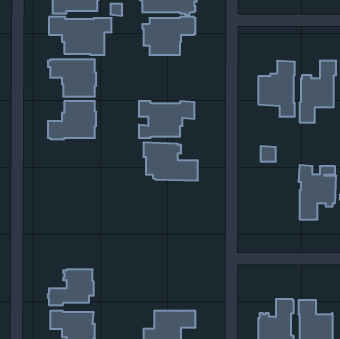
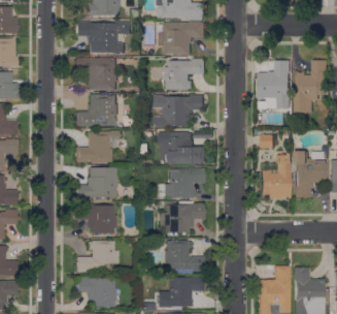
building: none -> [164,58,205,89]
building: none -> [75,131,121,162]
building: none -> [262,152,292,198]
building: none -> [76,167,117,200]
building: none -> [159,167,206,198]
building: none -> [158,202,205,234]
building: none -> [75,205,116,233]
building: none -> [164,241,205,272]

